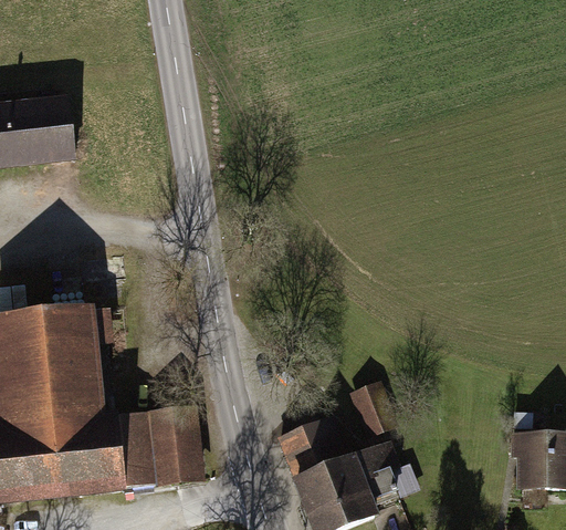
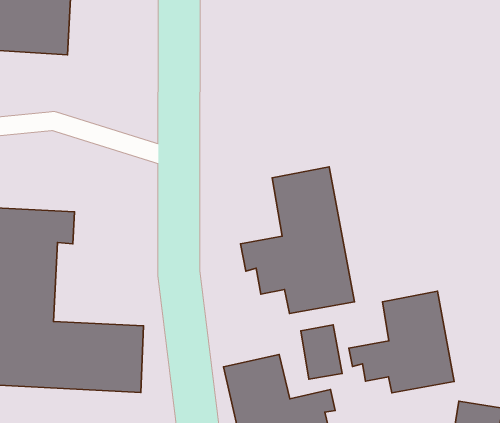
building: none -> [240,167,354,314]
building: none -> [349,291,454,393]

